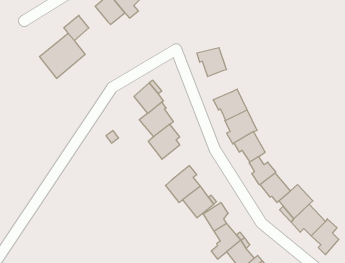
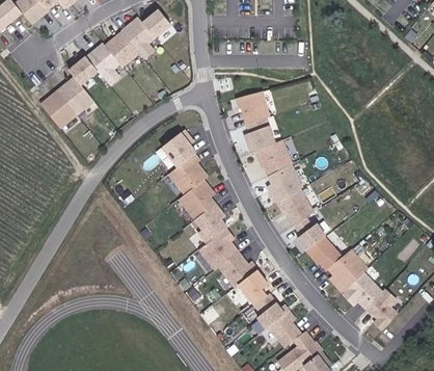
building: none -> [93,37,127,80]
building: none -> [239,114,270,150]
building: none -> [189,201,223,241]

